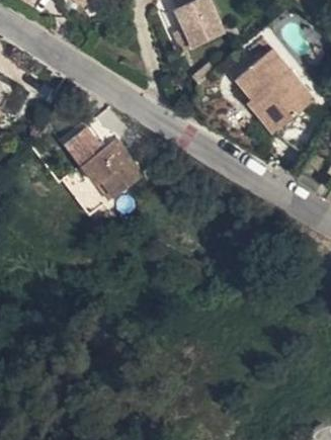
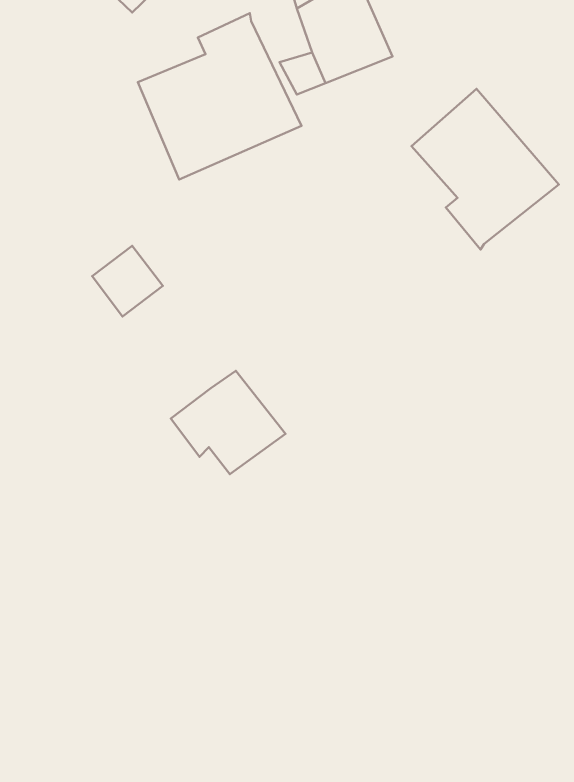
building: none -> [138,13,301,179]
building: [82,143,143,197] -> [171,371,285,474]

